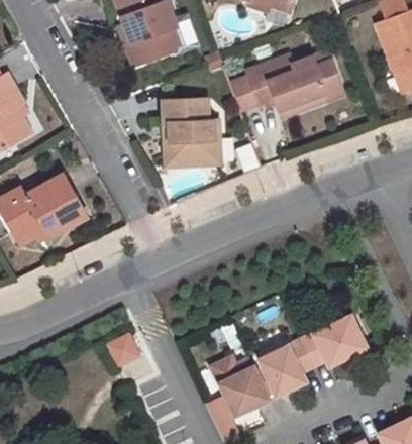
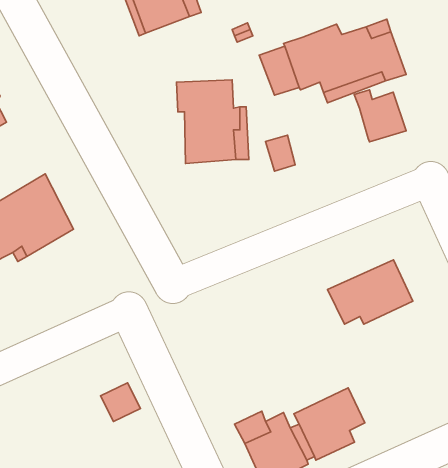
building: none -> [354,90,406,142]
building: [299,316,366,366] -> [328,260,413,324]

